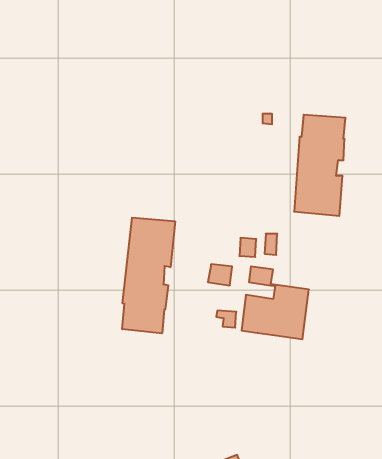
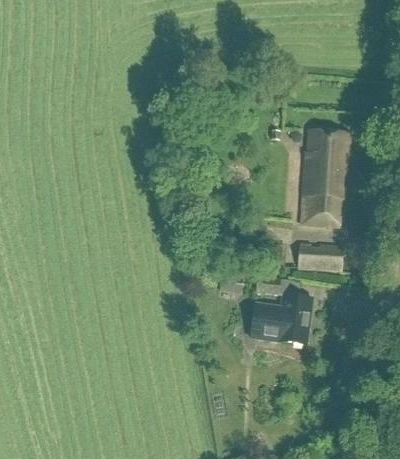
building: [122,218,175,333] -> none
building: none -> [297,243,341,270]

